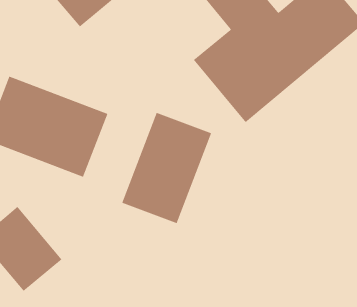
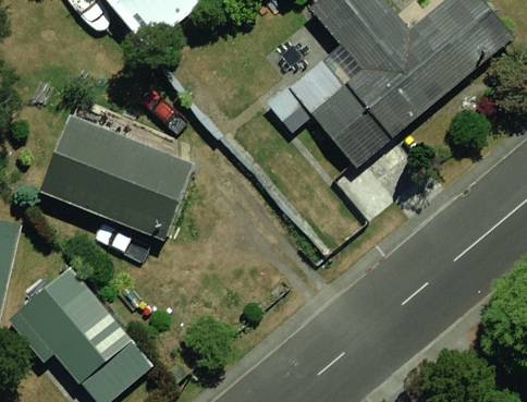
building: [121,112,212,224] -> none

